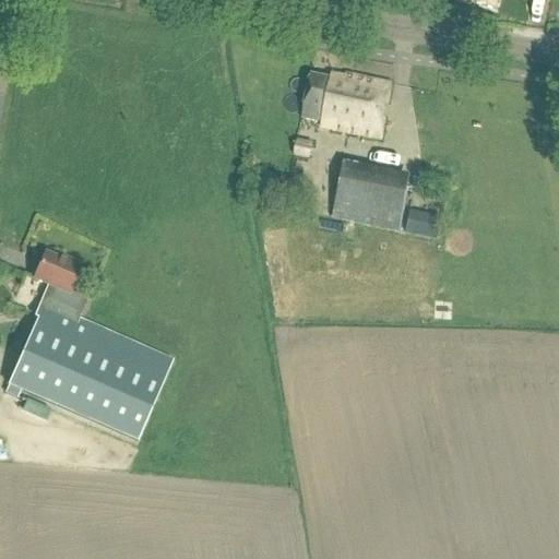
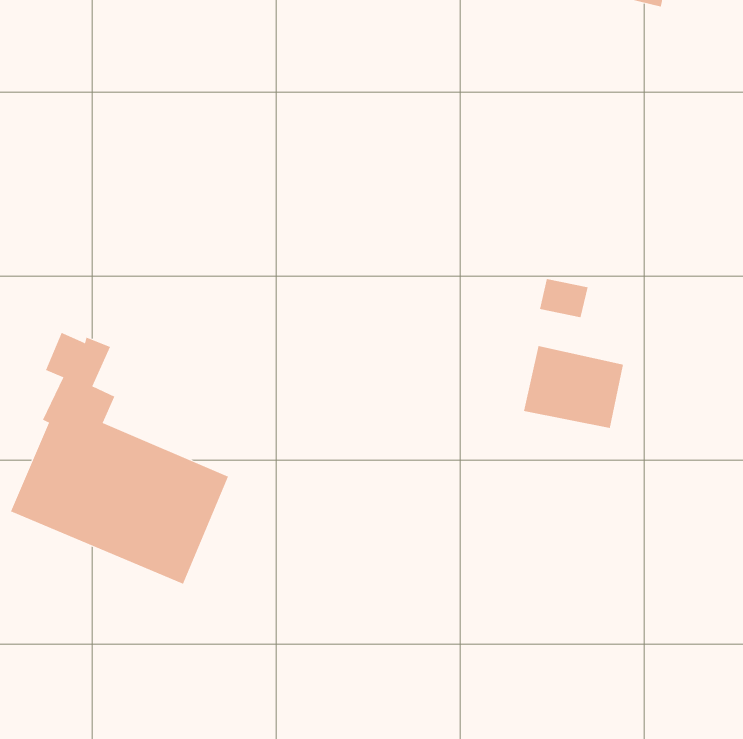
building: [300,71,390,135] -> none
building: [333,167,408,229] -> [523,345,624,429]

